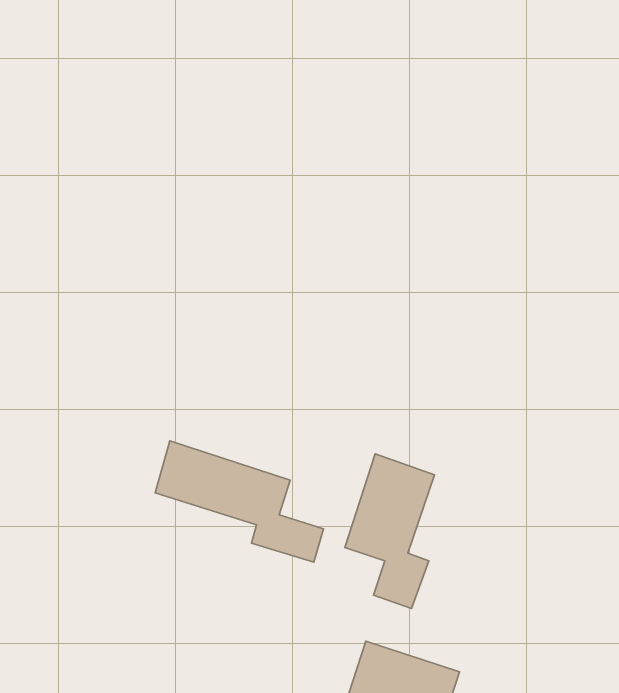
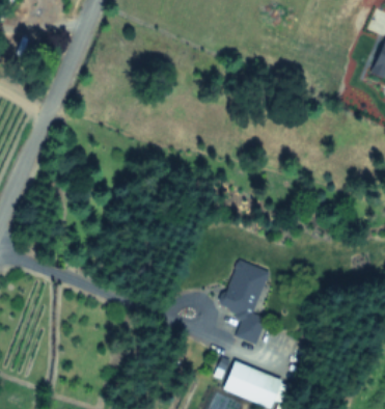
building: [155,441,323,562] -> none

